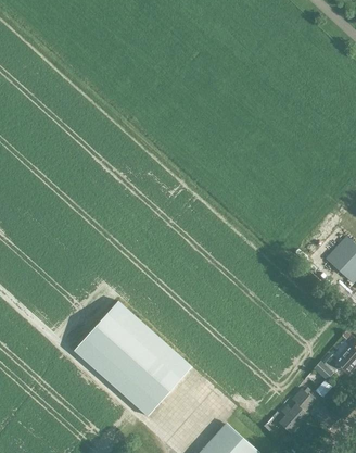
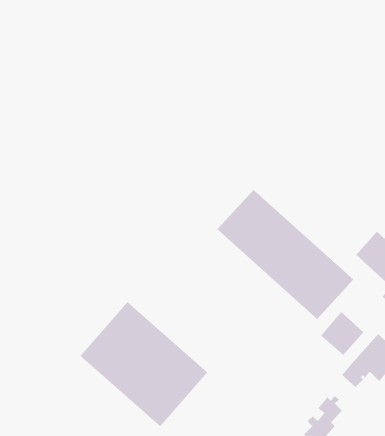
building: none -> [216,189,354,320]
building: none -> [320,311,364,356]

